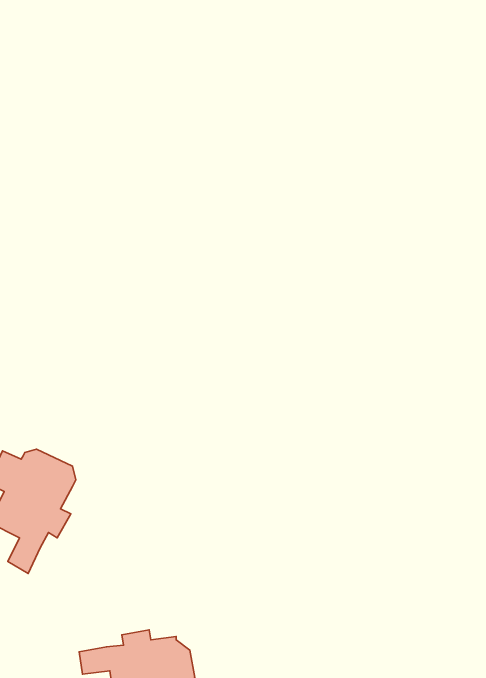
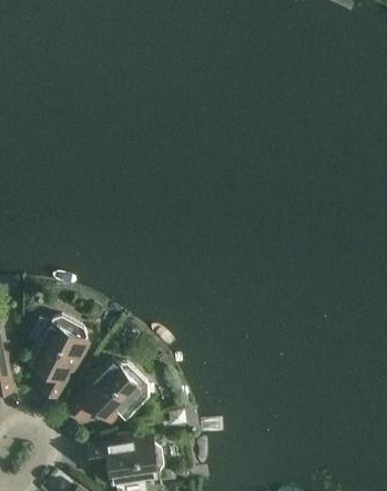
building: none -> [69,364,147,423]

